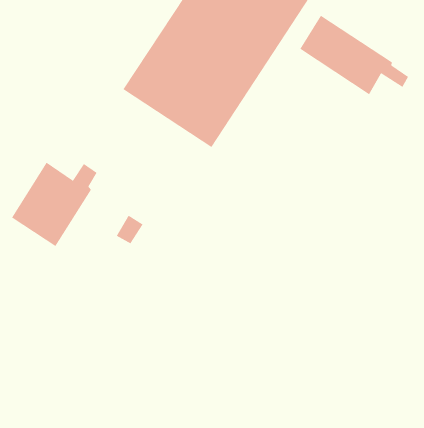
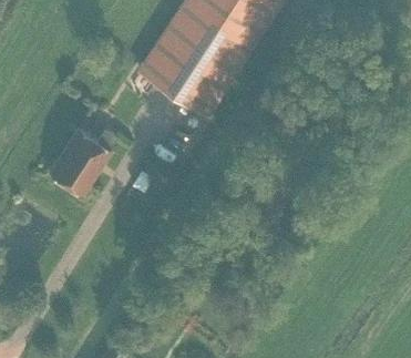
building: [300,15,409,95] -> none

